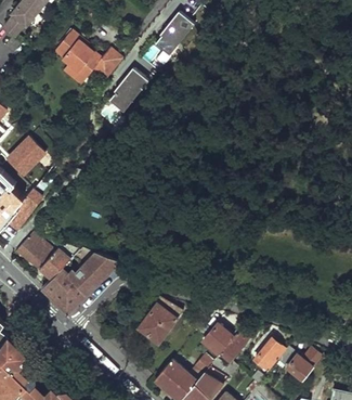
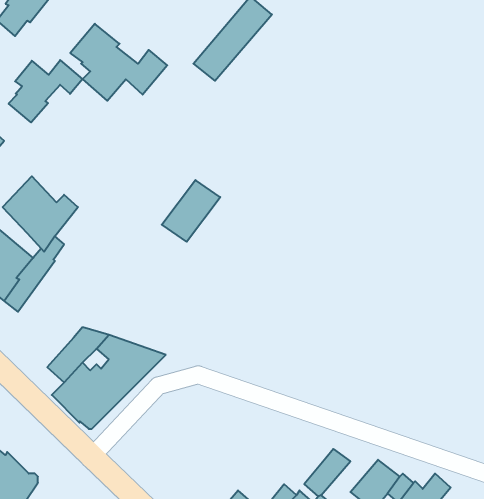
building: none -> [9,60,83,122]
building: [108,67,149,111] -> [162,180,220,242]
building: [14,233,55,272] -> none
building: [135,297,183,346] -> none
building: [199,322,233,356] -> none

